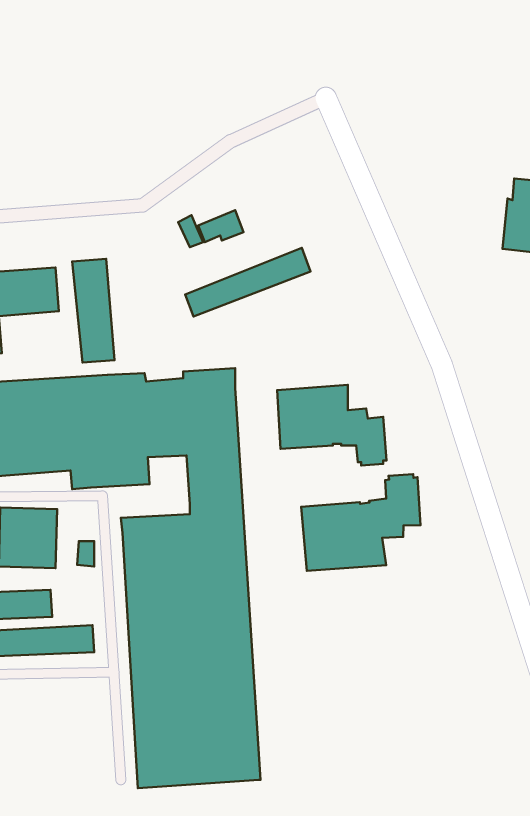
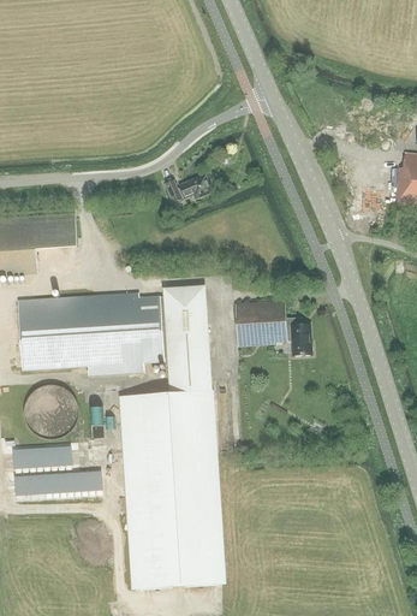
building: [185,248,311,317] -> none
building: [72,259,114,362] -> none
building: [301,474,421,571] -> none

